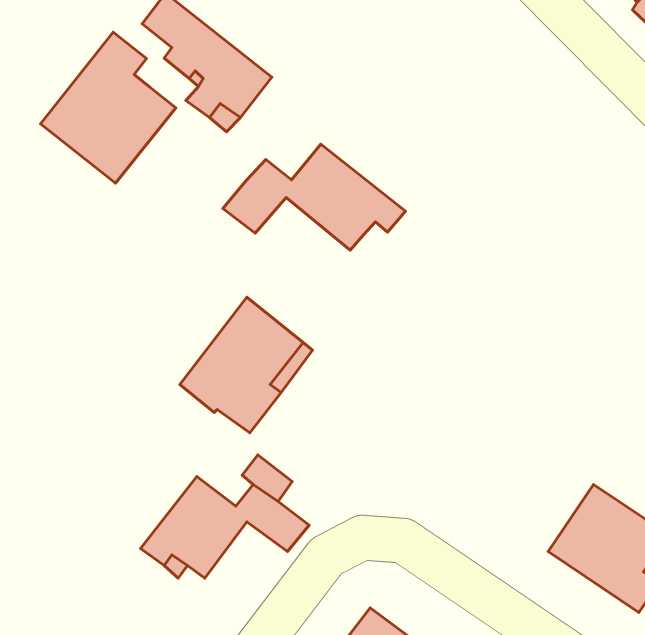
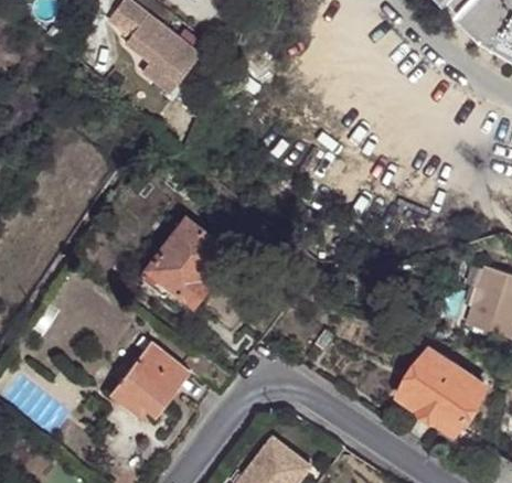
building: [41,32,176,183] -> none
building: [223,144,405,250] -> none

